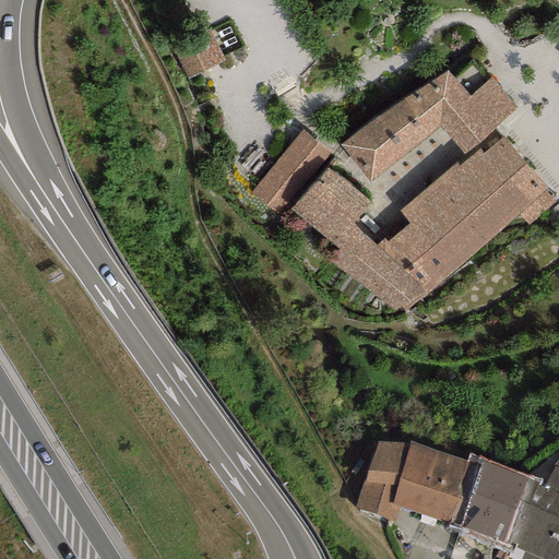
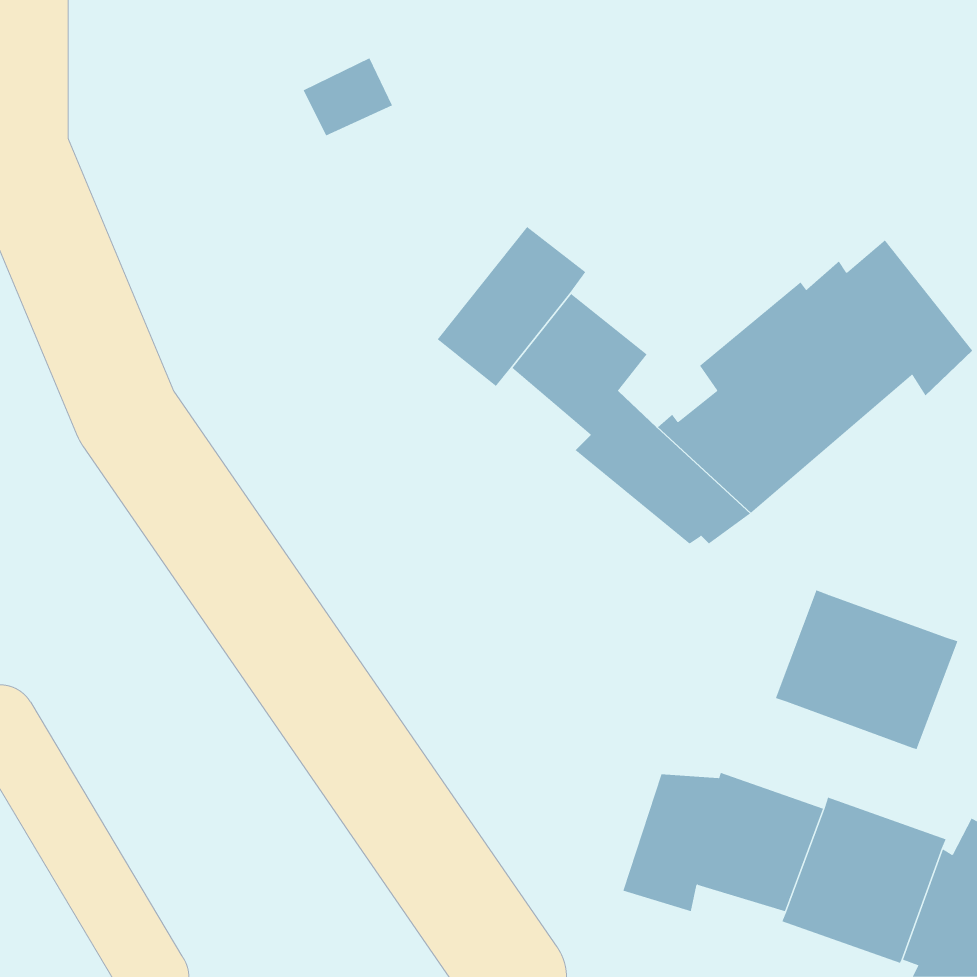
building: [341,69,519,182] -> none
building: none -> [775,590,958,750]

